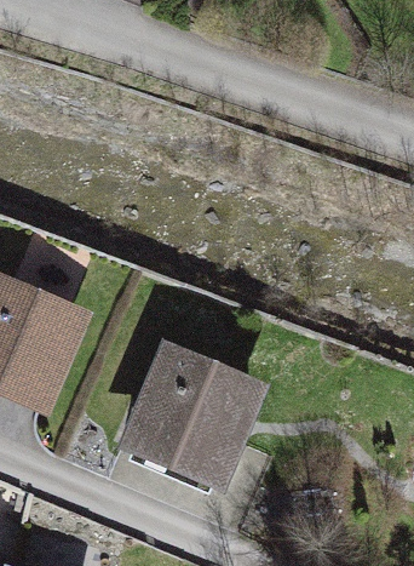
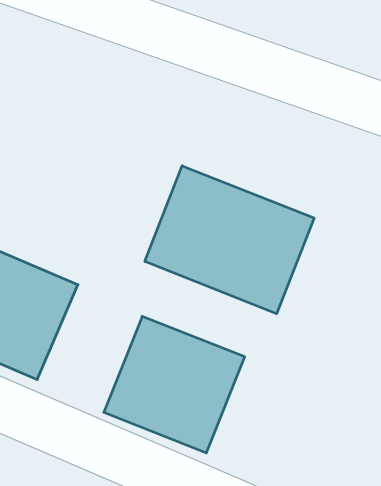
building: none -> [145,166,314,314]

